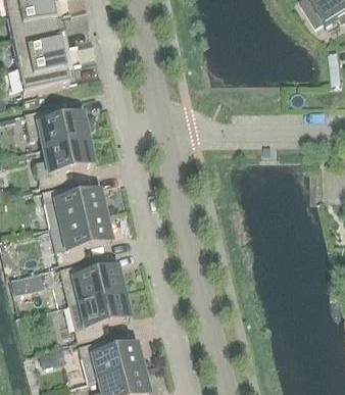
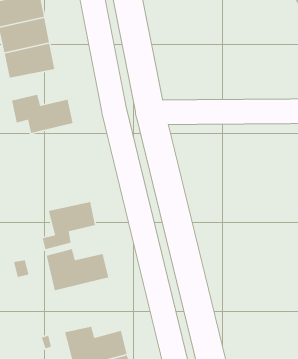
building: [37,137,94,186] -> none
building: [43,185,106,227] -> none
building: [69,291,131,340] -> none

